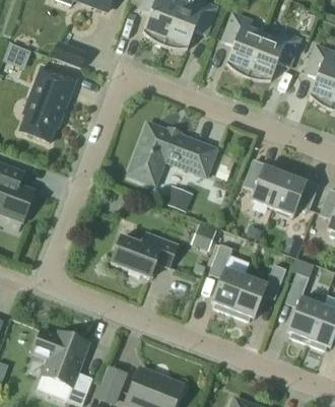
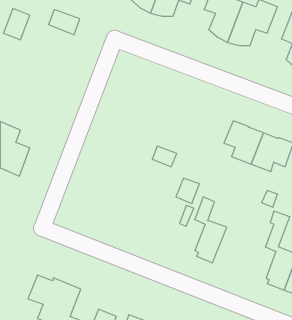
building: [19,65,76,141] -> none
building: [128,122,216,184] -> none
building: [111,231,178,277] -> none
building: [230,263,286,321] -> none

